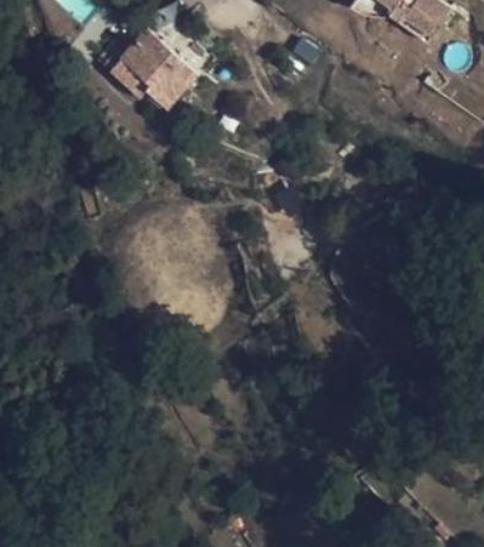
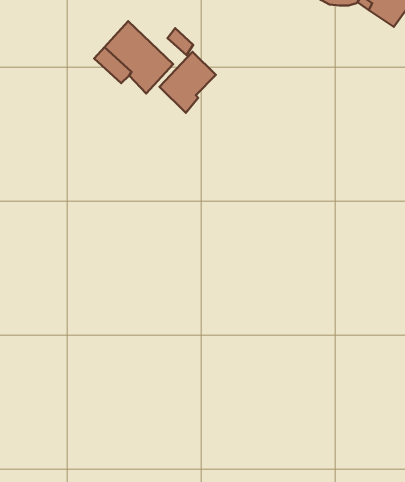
building: none -> [159,52,216,113]

